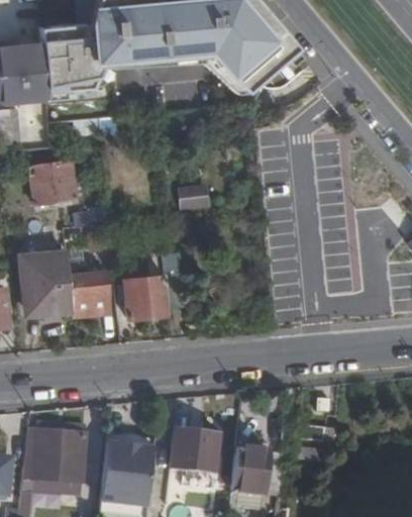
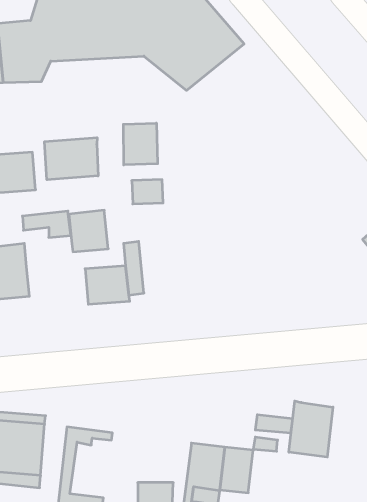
building: none -> [123,123,158,165]
building: none -> [45,138,98,180]
building: [69,270,108,311] -> [69,210,108,252]
building: none -> [289,401,333,457]
building: [170,425,221,476] -> none
building: [112,444,153,504] -> none

